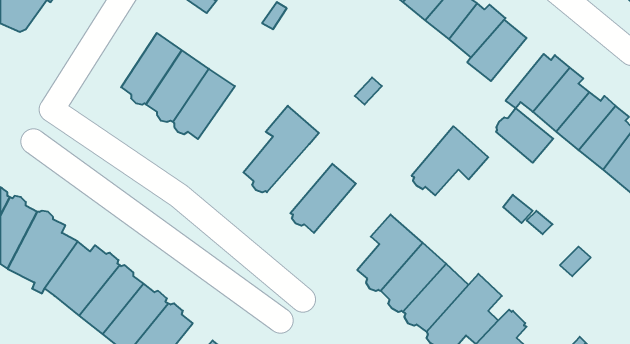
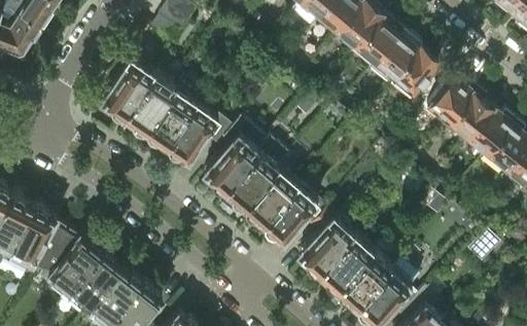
building: none -> [166,102,229,160]
building: [496,108,553,163] -> none
building: [412,126,488,195] -> [262,183,326,241]
building: none -> [223,150,278,208]

